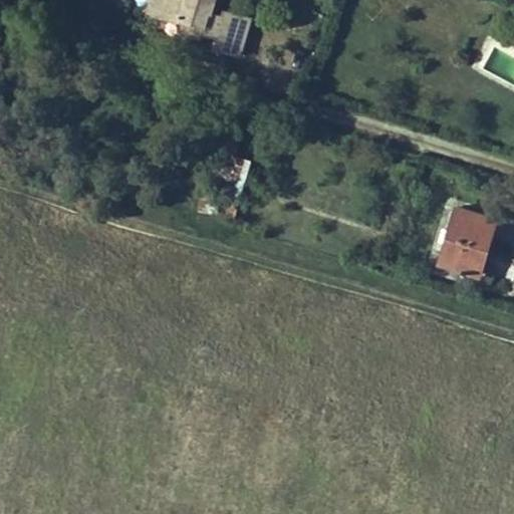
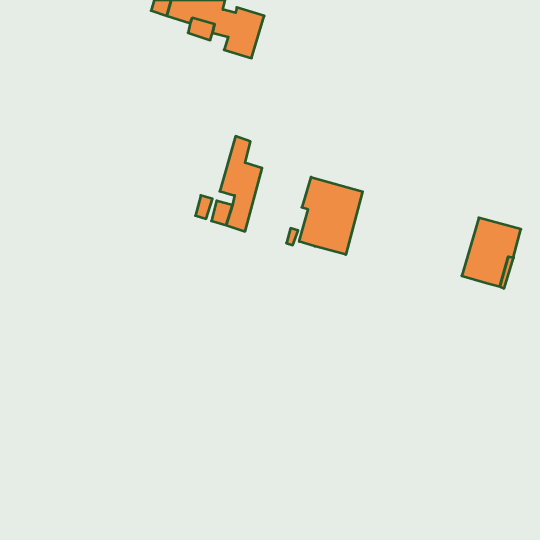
building: none -> [299,177,363,255]

